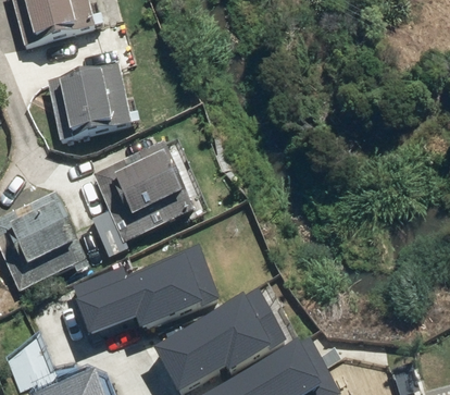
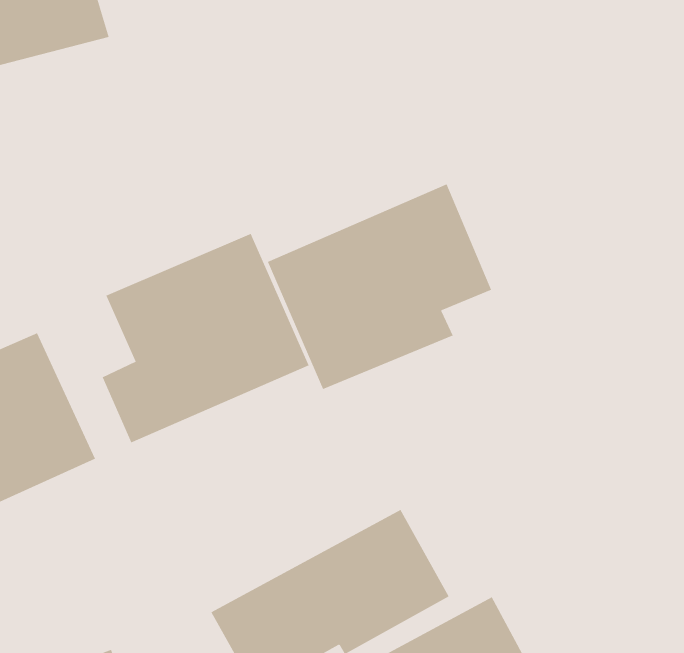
building: [48,64,133,138] -> none
building: none -> [267,183,492,390]
building: [72,245,221,334] -> none

